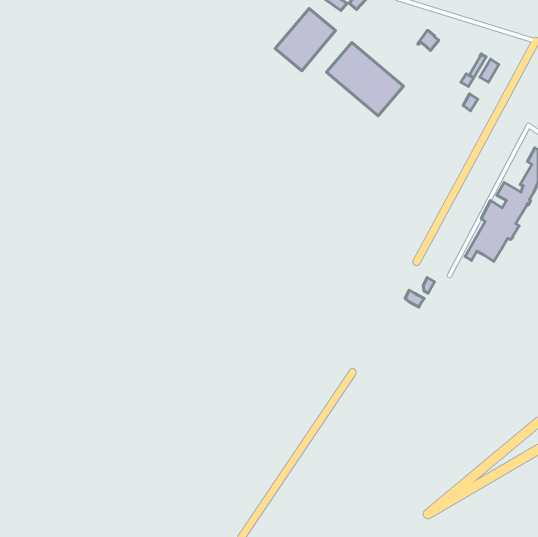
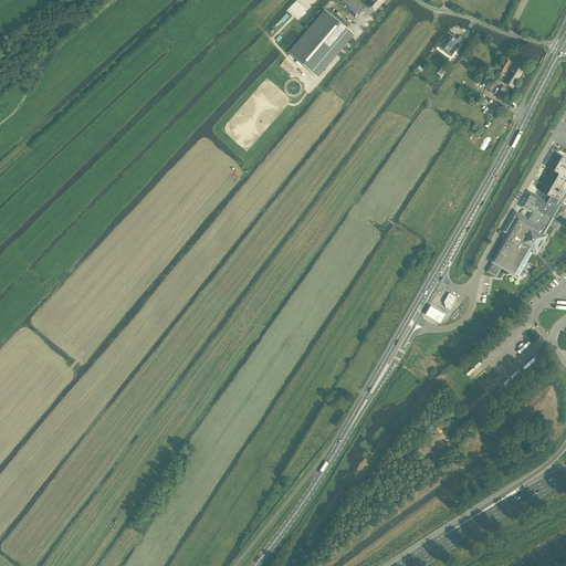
building: [326,42,403,116] -> none

